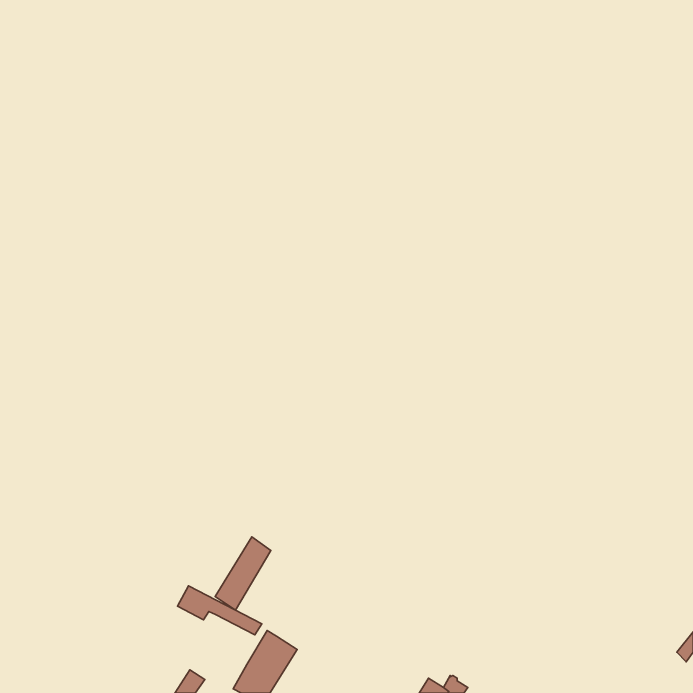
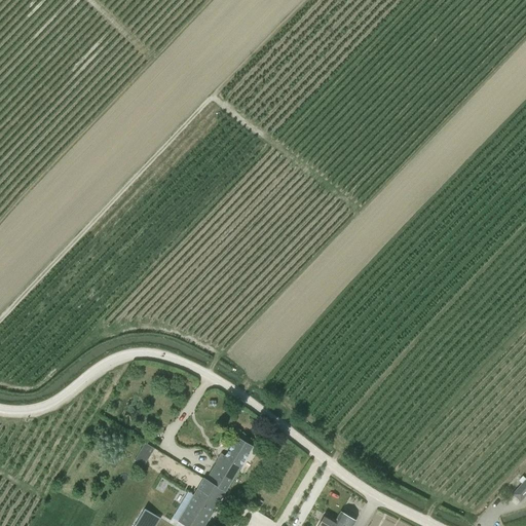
building: [215,537,271,610] -> [210,437,252,492]

